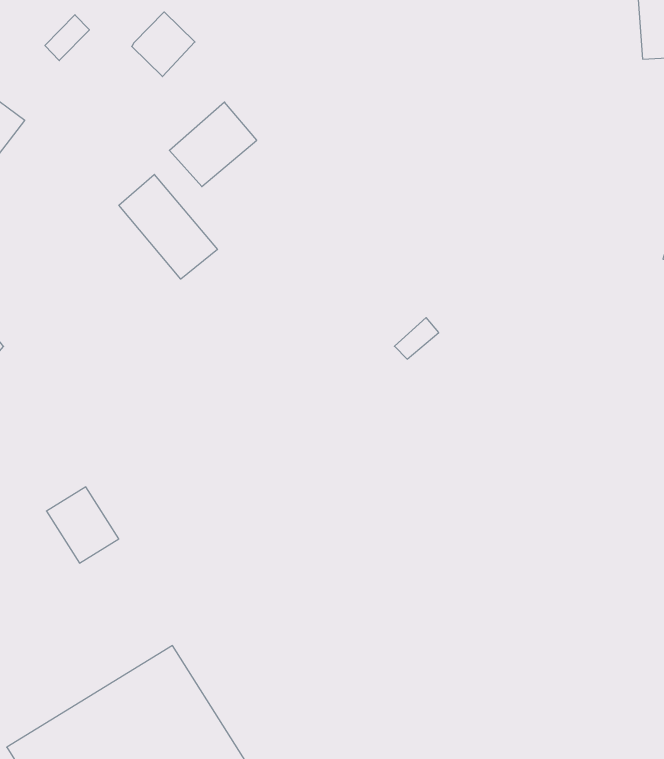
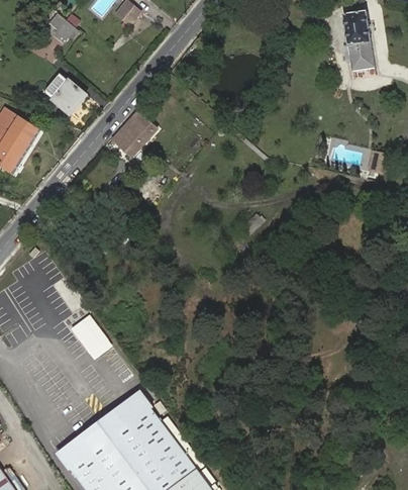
building: [132,12,195,77] -> [53,80,85,113]
building: [119,174,217,279] -> none

